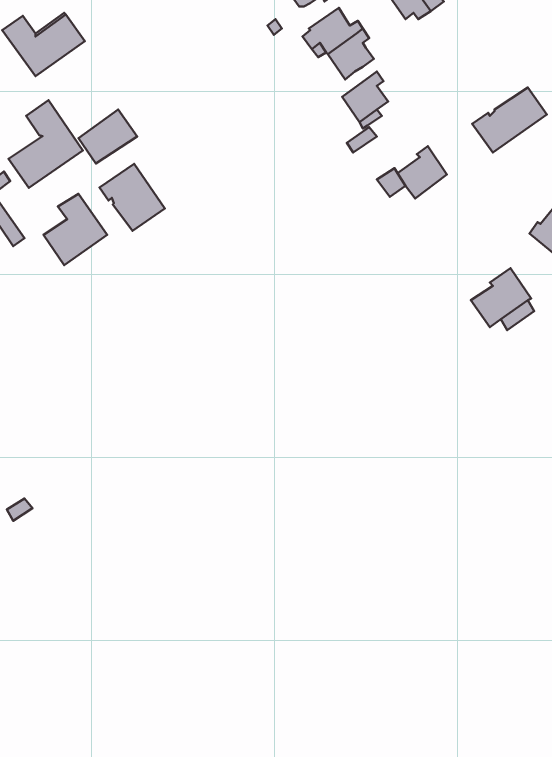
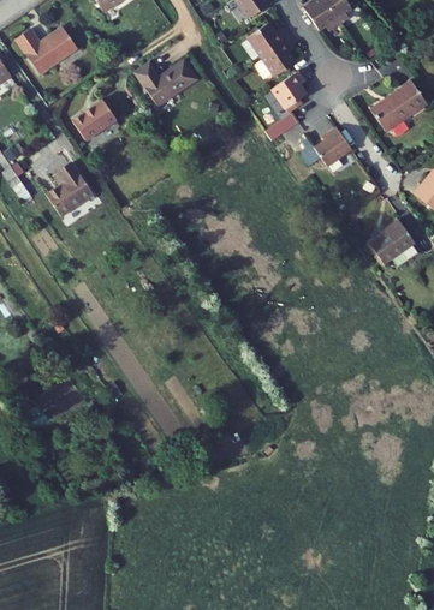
building: none -> [133,60,197,106]
building: [9,100,83,188] -> none
building: [100,164,165,231] -> none

